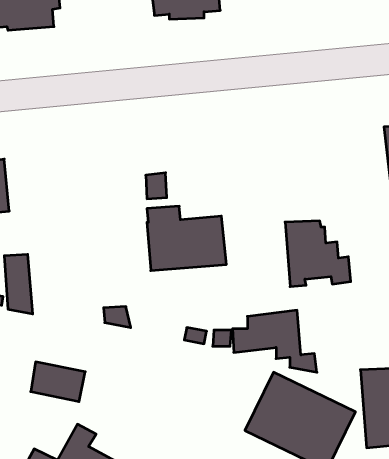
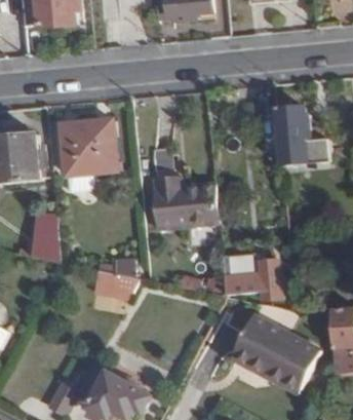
building: none -> [60,120,116,173]
building: [285,221,351,287] -> [274,109,328,163]
building: [31,362,85,402] -> [96,269,142,302]

